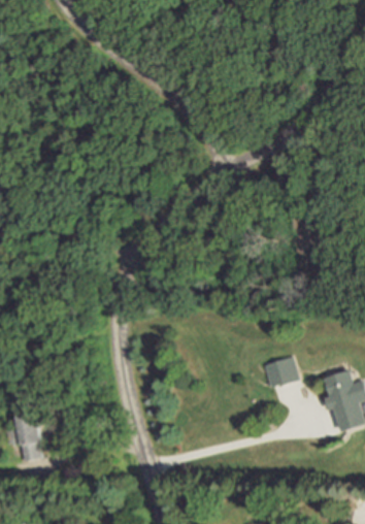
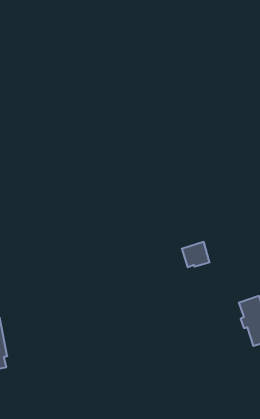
building: [263,355,297,386] -> [182,242,210,267]

